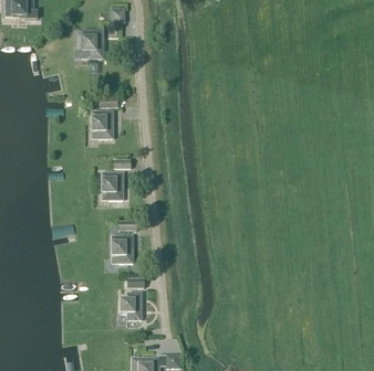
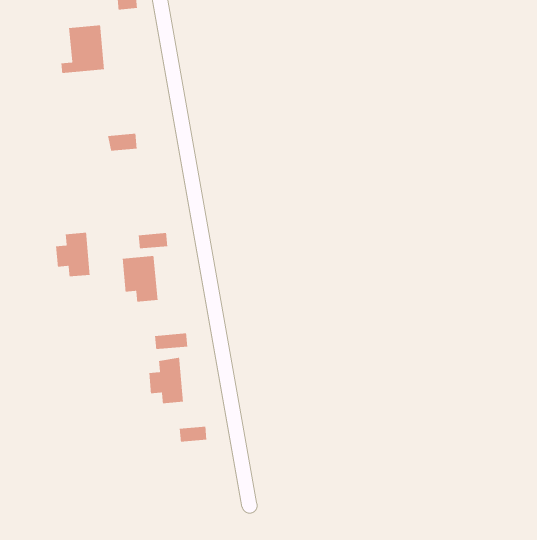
building: [92,113,112,139] -> [55,232,91,277]
building: [120,294,141,321] -> none

